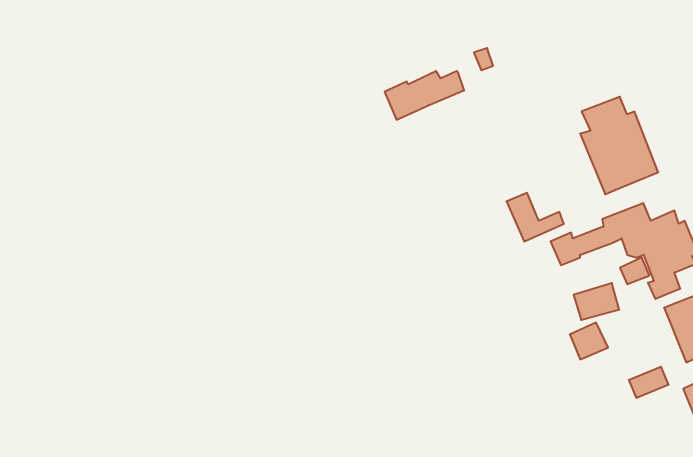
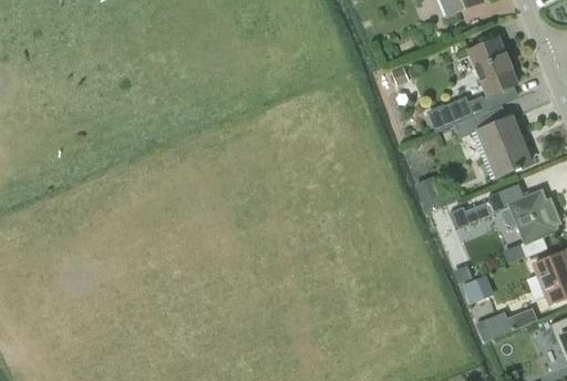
building: none -> [468,38,517,95]
building: [385,71,464,120] -> [426,95,486,132]
building: [574,283,619,320] -> [477,310,512,338]

